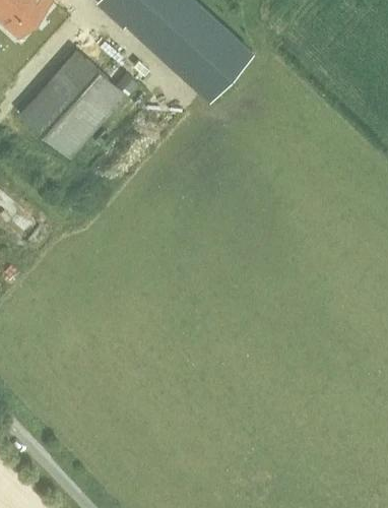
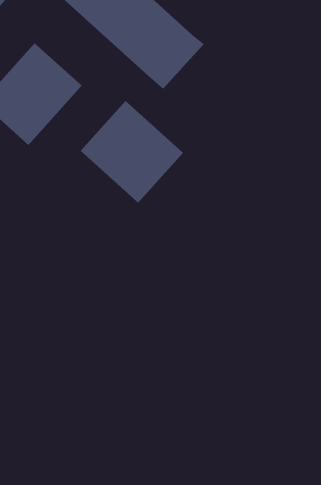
building: none -> [80,100,184,204]

